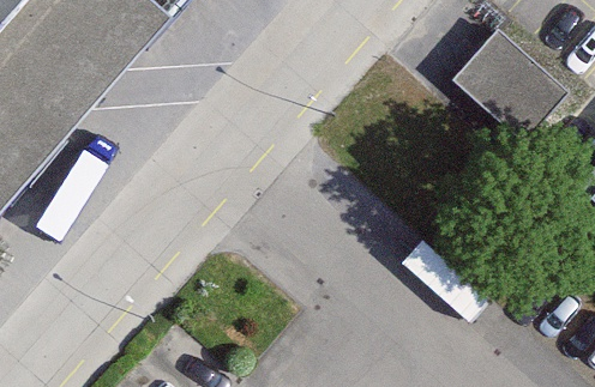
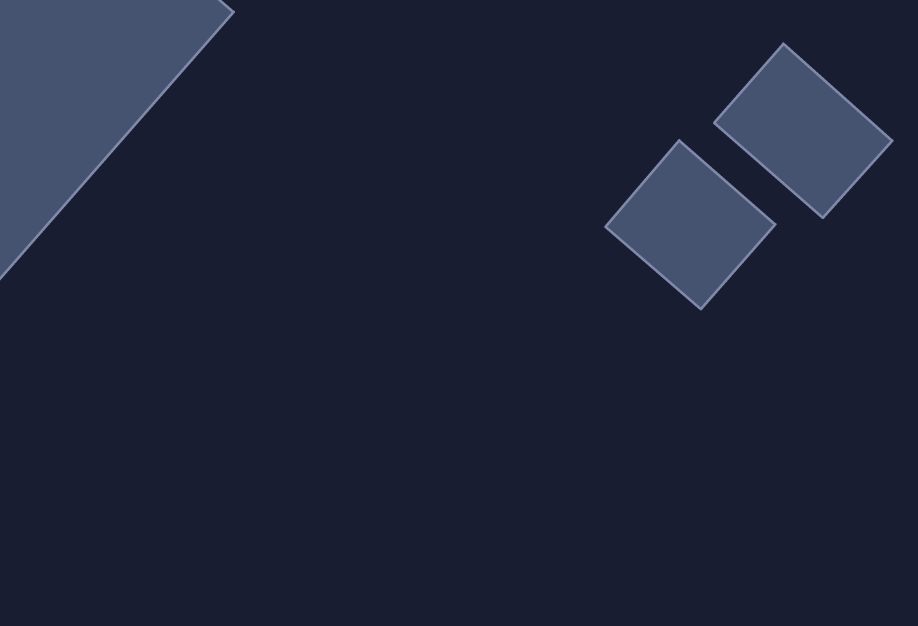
building: none -> [606,140,775,309]

